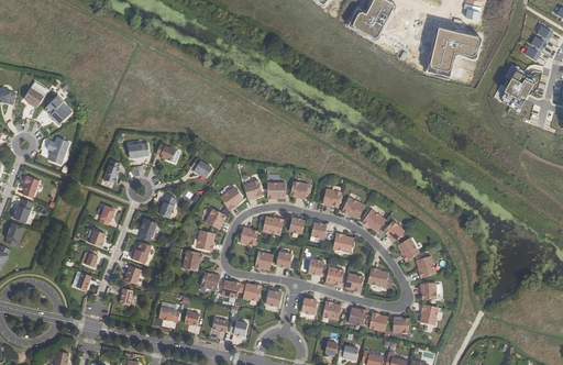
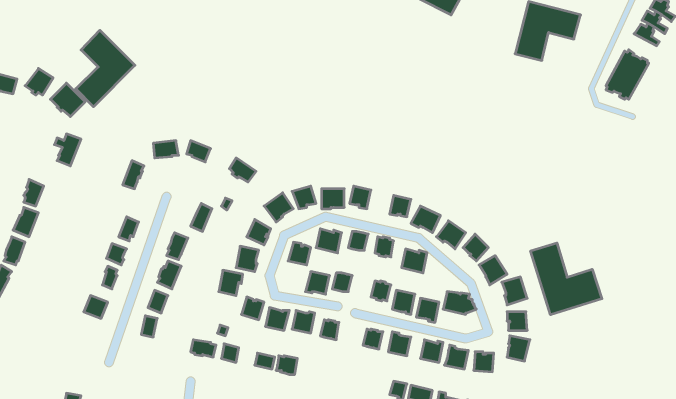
building: none -> [76,30,135,107]
building: none -> [531,243,602,315]

